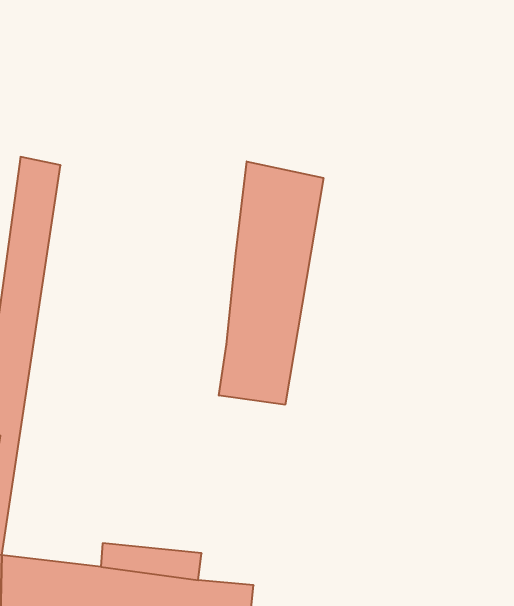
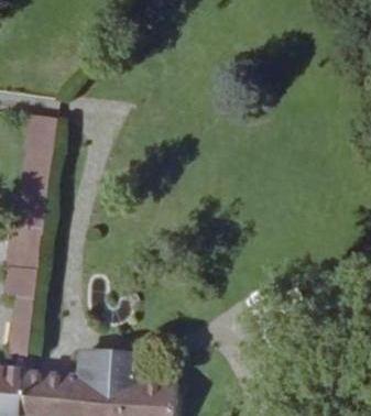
building: [219,161,323,405] -> none

